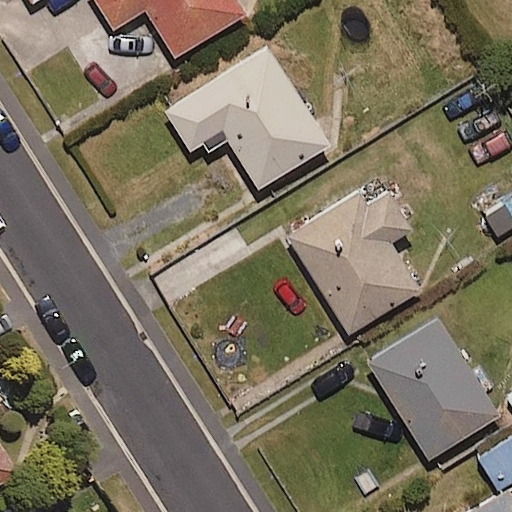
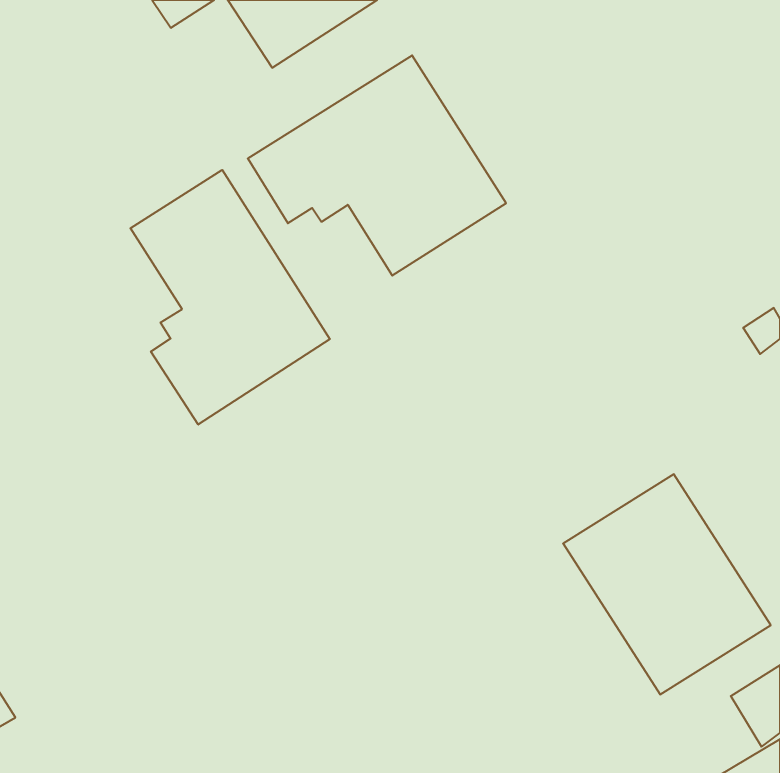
building: none -> [130,170,330,425]
building: [286,191,422,336] -> none

